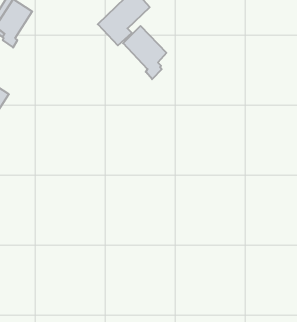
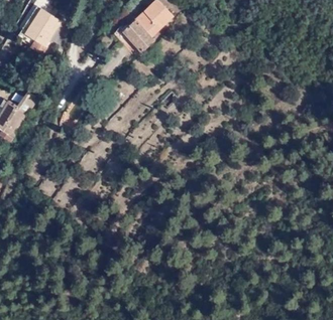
building: [123,26,166,79] -> none

